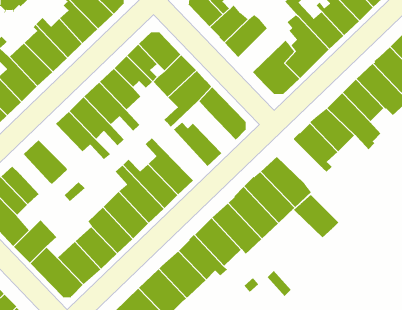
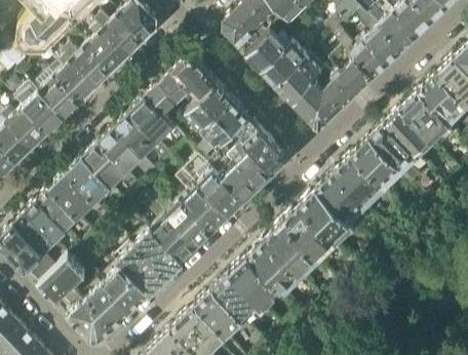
building: none -> [276,56,322,103]
building: none -> [230,145,273,188]
building: none -> [185,156,243,216]
building: none -> [66,157,115,206]
building: none -> [38,190,78,231]
building: [293,194,339,238] -> [315,173,363,220]

